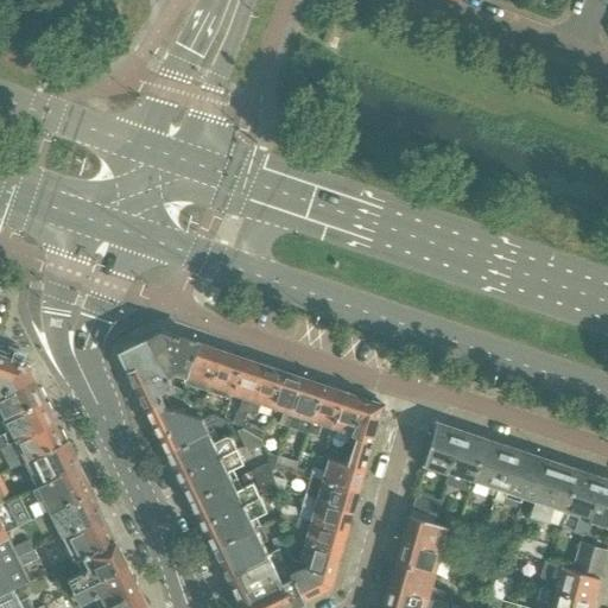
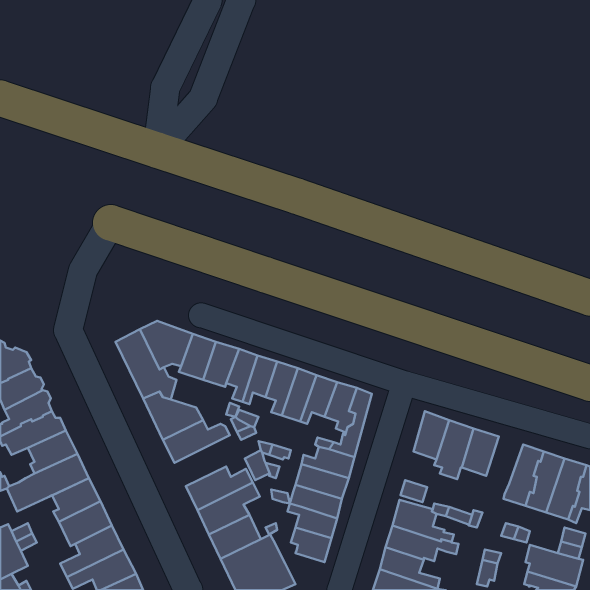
building: [179,448,243,500] -> none
building: [495,449,538,508] -> none
building: [281,552,334,601] -> none

